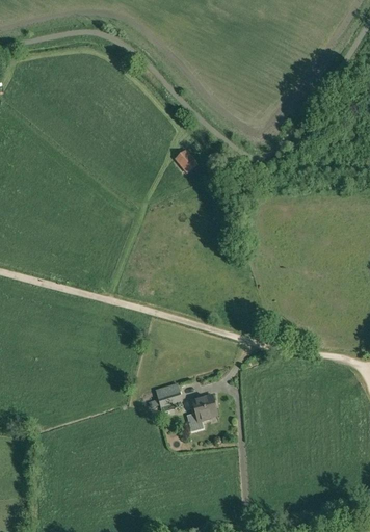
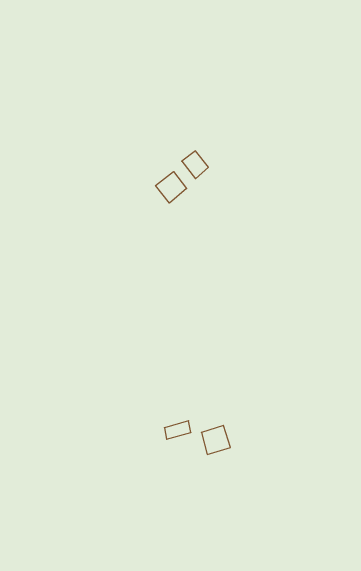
building: none -> [156,172,187,203]

